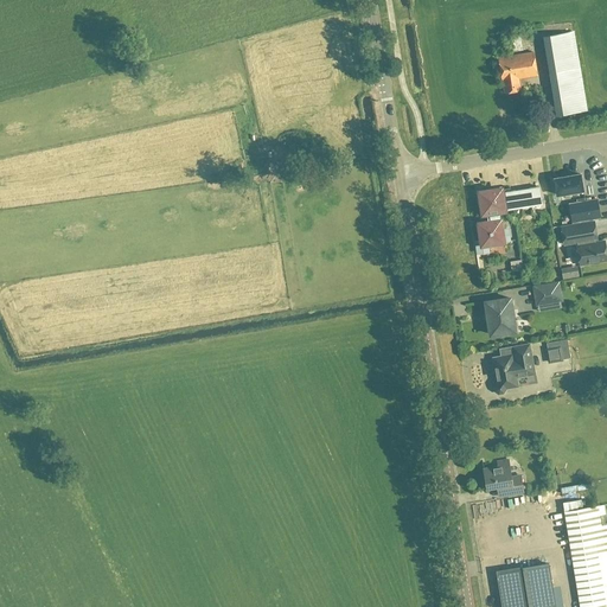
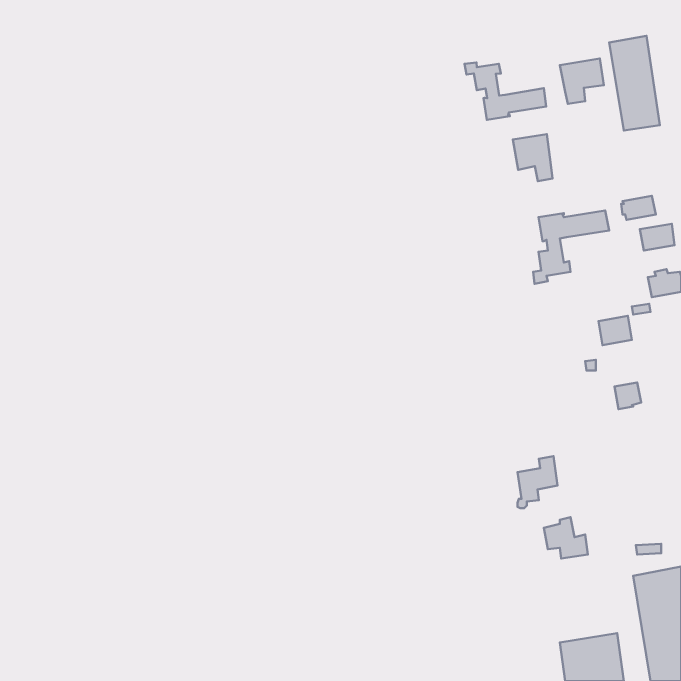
building: none -> [464,62,546,120]
building: none -> [513,134,553,181]
building: [561,222,596,244] -> none
building: [483,296,517,338] -> none
building: [496,346,531,392] -> [518,456,558,508]

